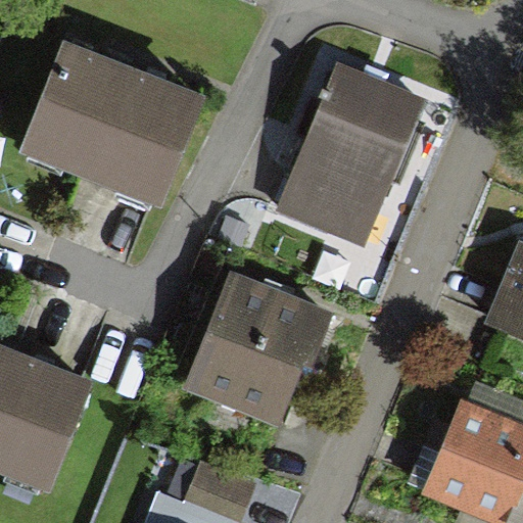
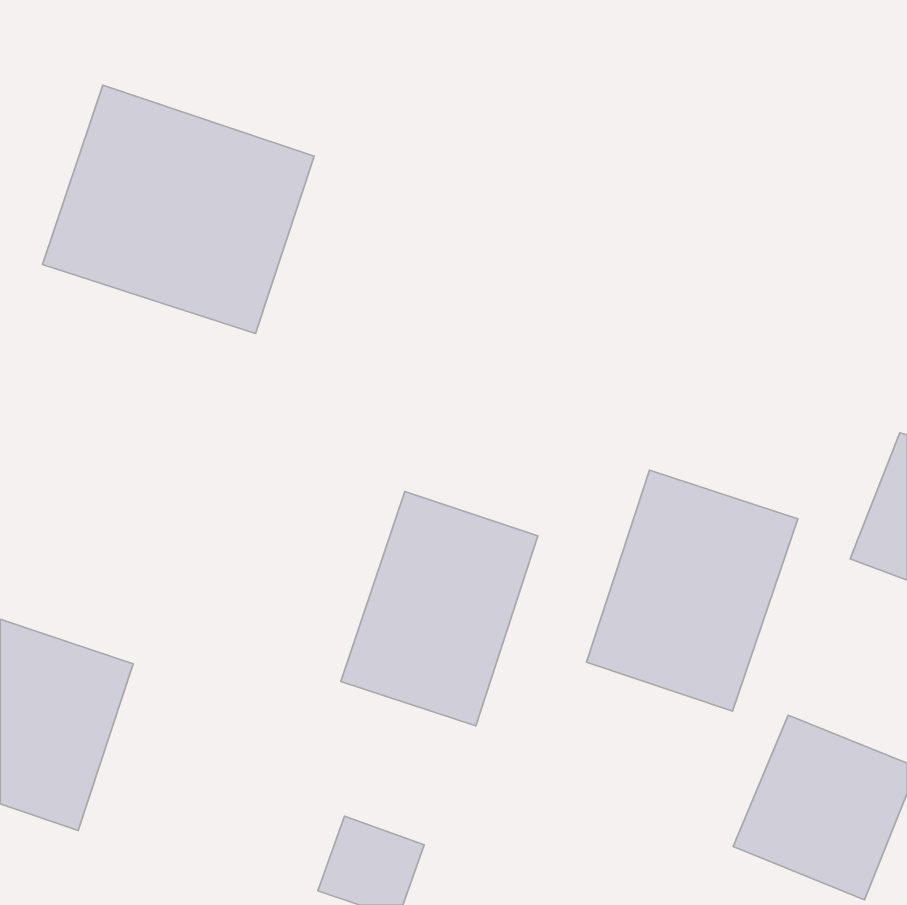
building: [291,76,417,241] -> none
building: none -> [587,470,798,711]

